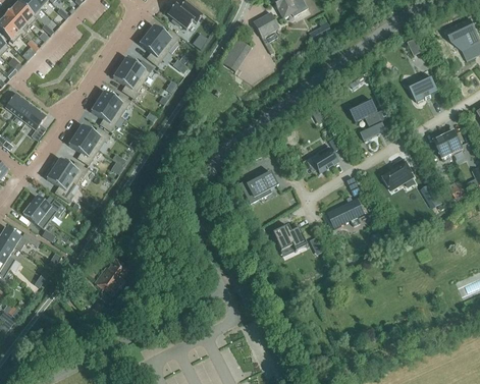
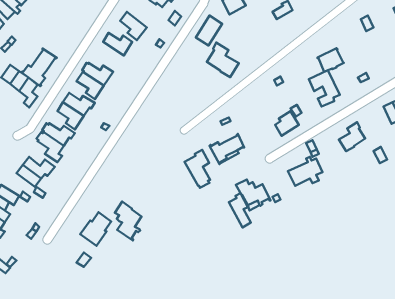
building: [146,24,179,51] -> none
building: [111,66,143,99] -> none
building: none -> [207,43,239,77]
building: [409,74,438,101] -> [317,48,344,72]
building: none -> [21,48,57,86]
building: none -> [185,150,210,188]
building: none -> [229,193,251,227]
building: none -> [115,202,141,241]

